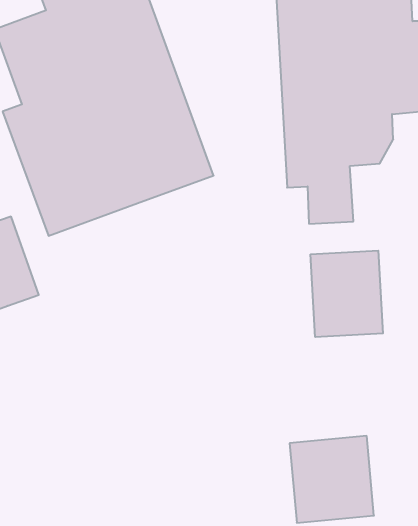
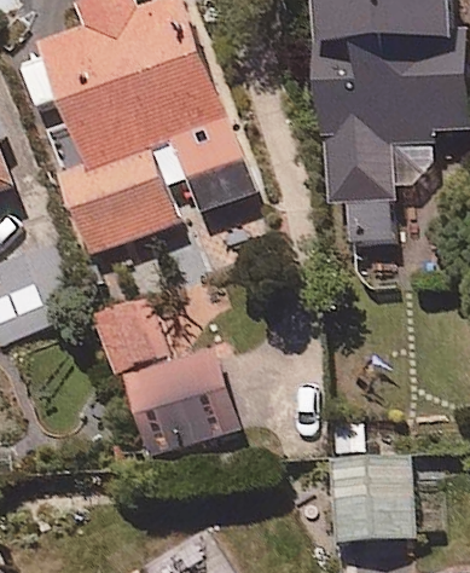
building: [311,251,383,337] -> none
building: none -> [91,291,238,457]

